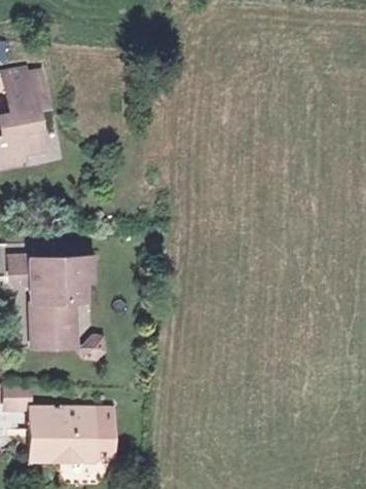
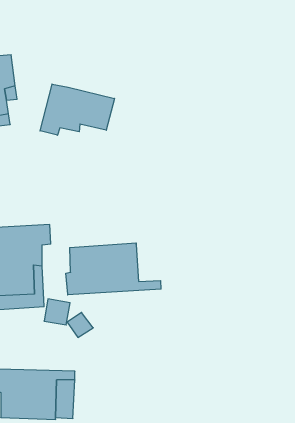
building: none -> [40,84,114,135]
building: none -> [66,243,161,295]

